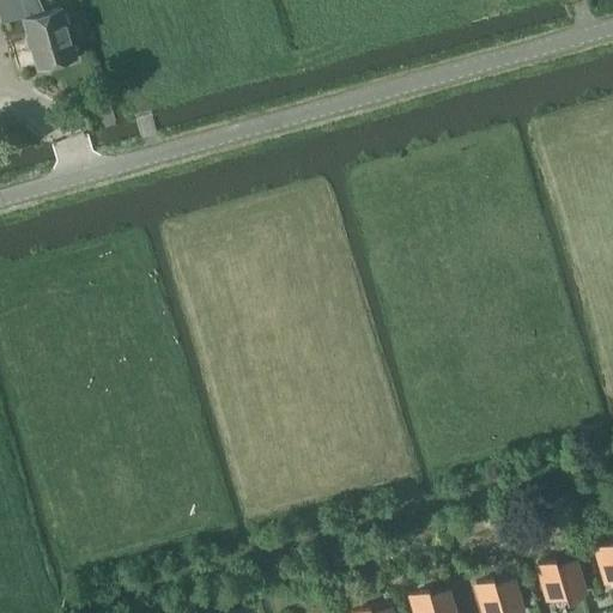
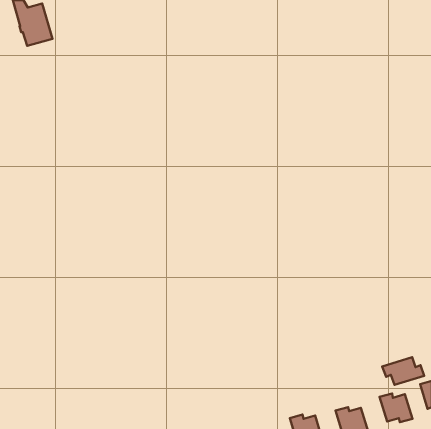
building: none -> [382,357,424,385]

